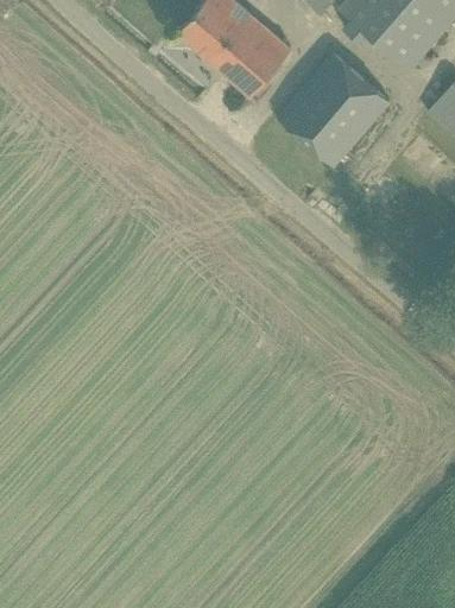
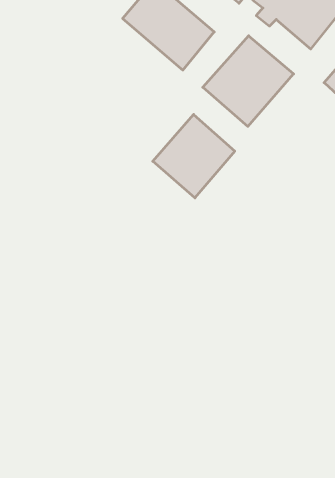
building: none -> [153,114,235,198]

